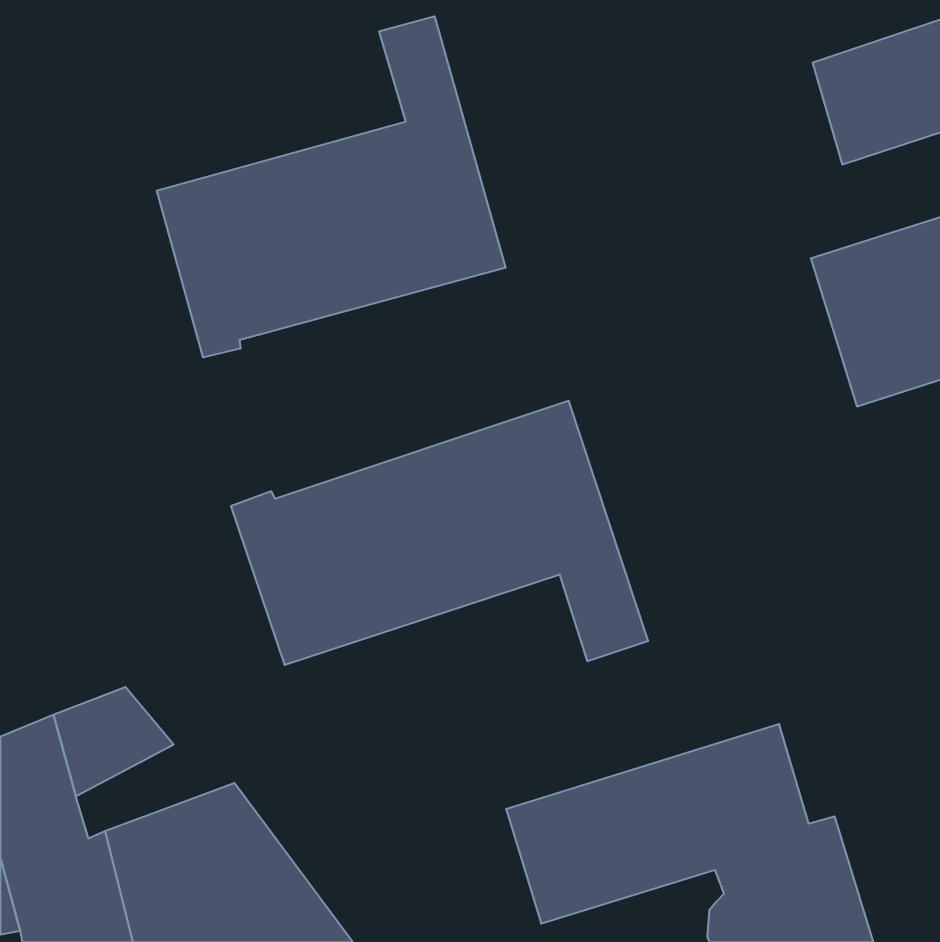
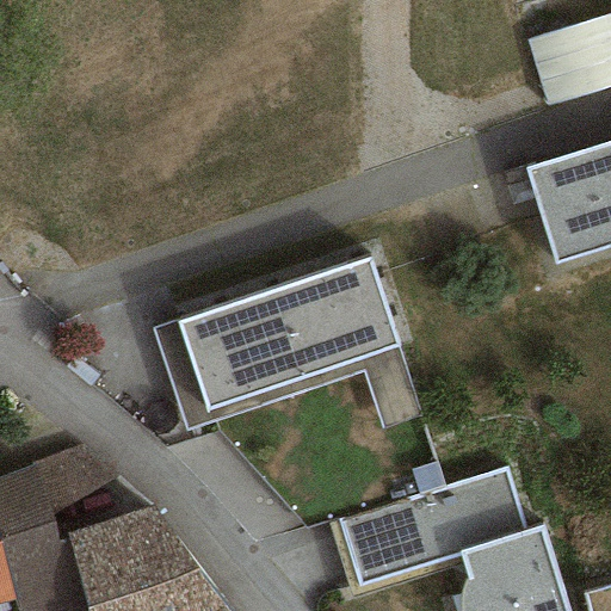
building: [157,16,506,357] -> none

